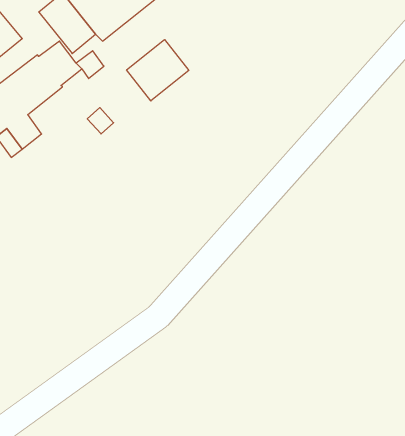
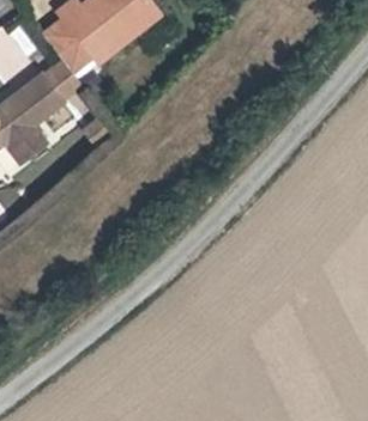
building: [127,40,189,101] -> none

